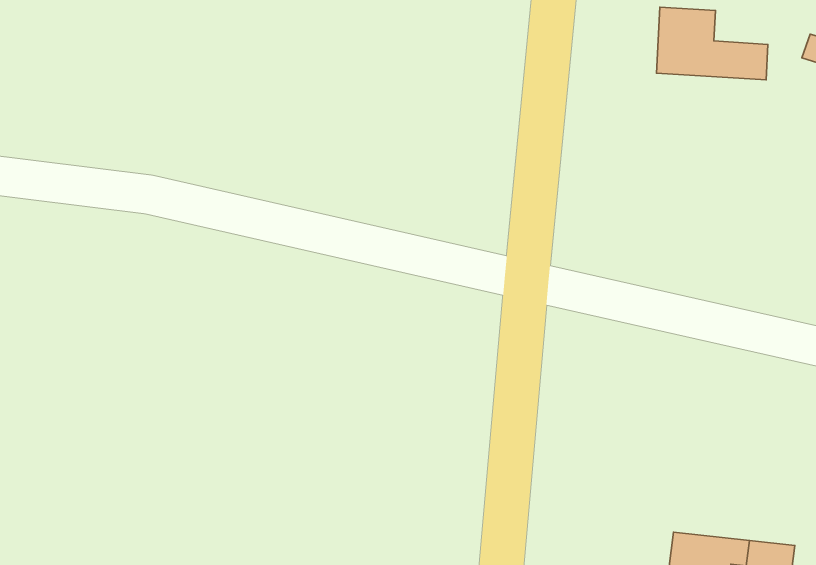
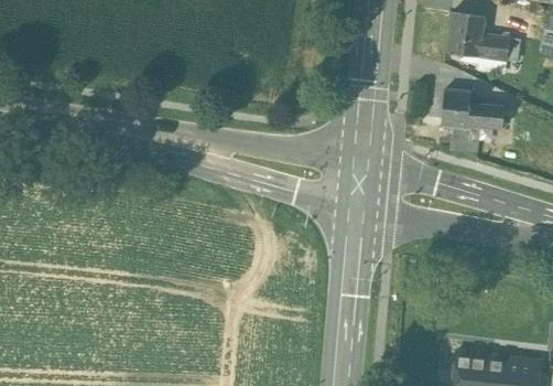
building: none -> [442,88,503,150]

